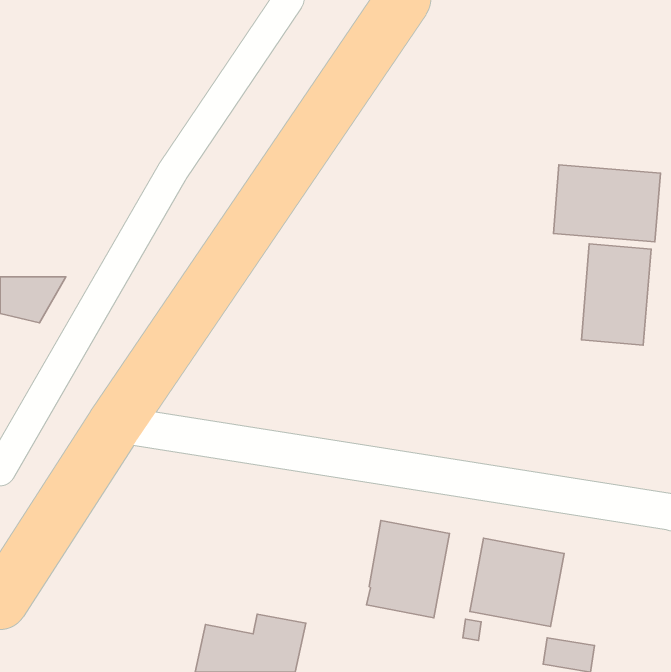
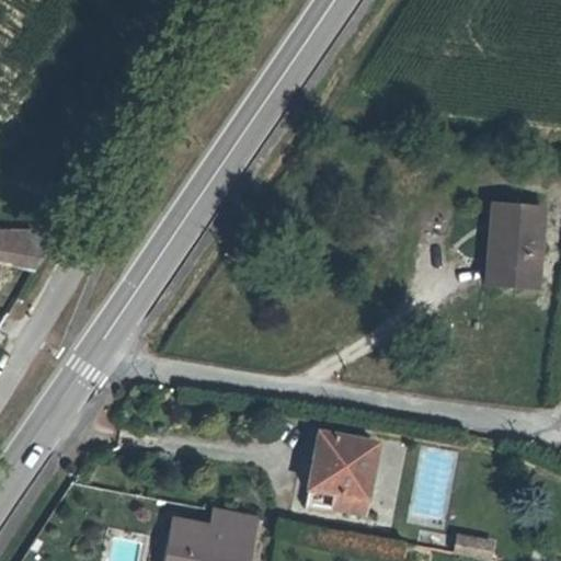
building: [554,165,660,242] -> none
building: [470,538,564,627] -> none

